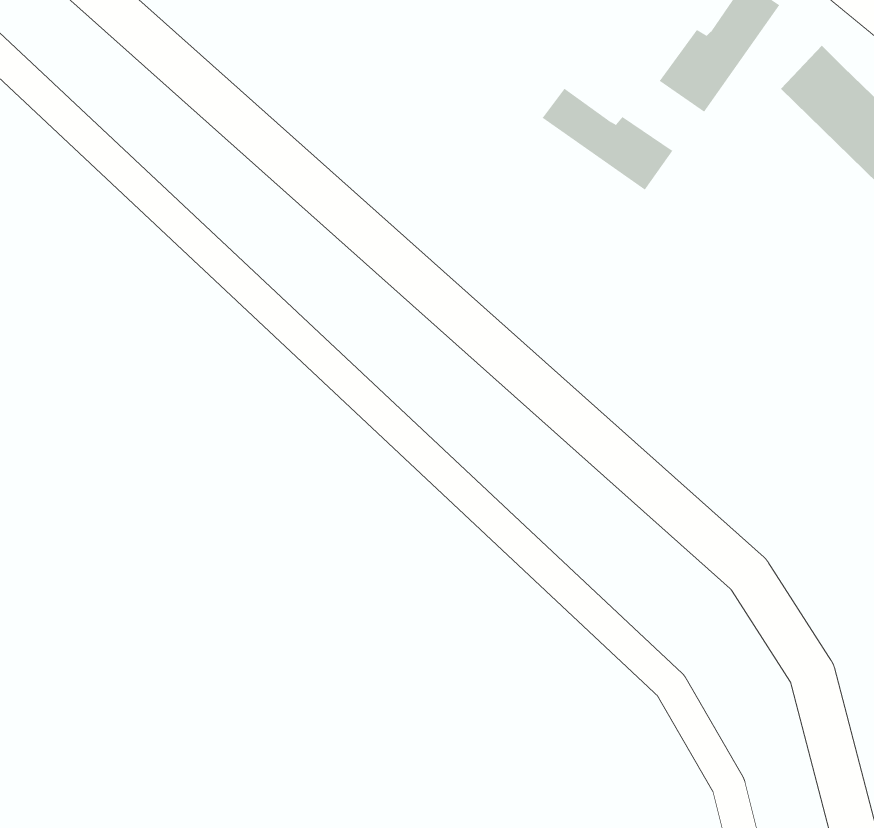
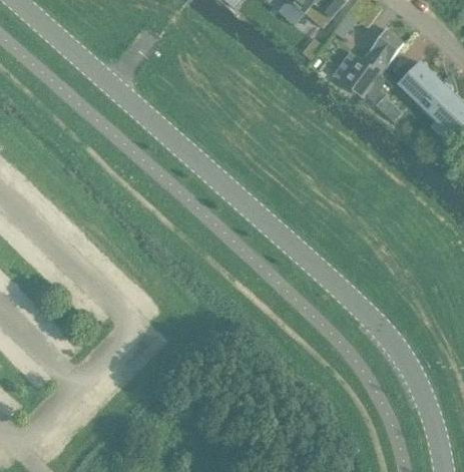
building: [542,88,673,191] -> none

